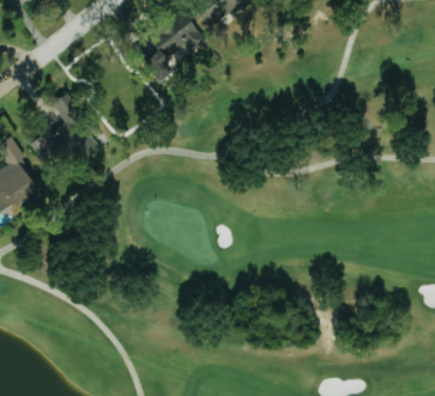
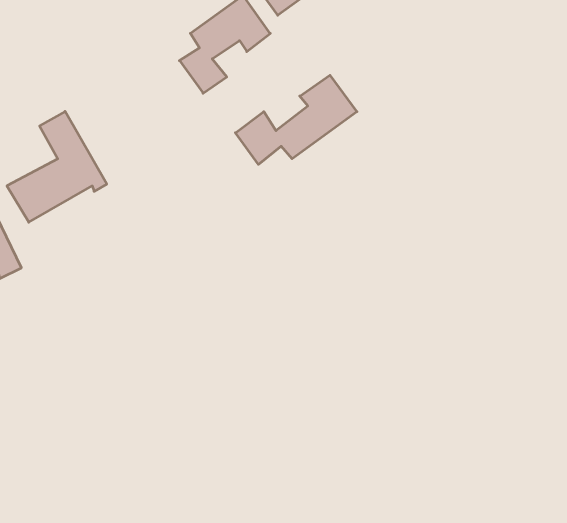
building: none -> [235,75,357,164]

